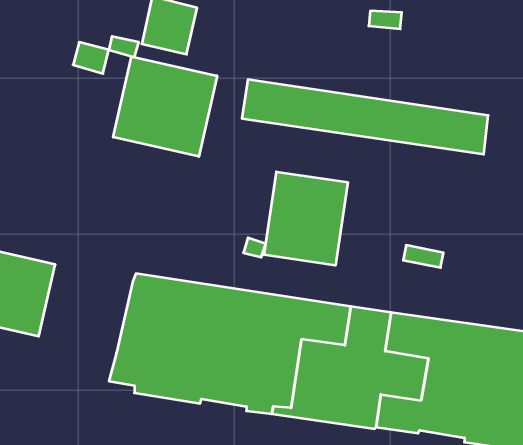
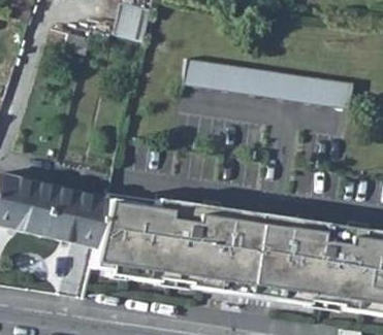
building: [113,57,217,157] -> none
building: [264,172,348,265] -> none
building: none -> [42,187,107,247]

